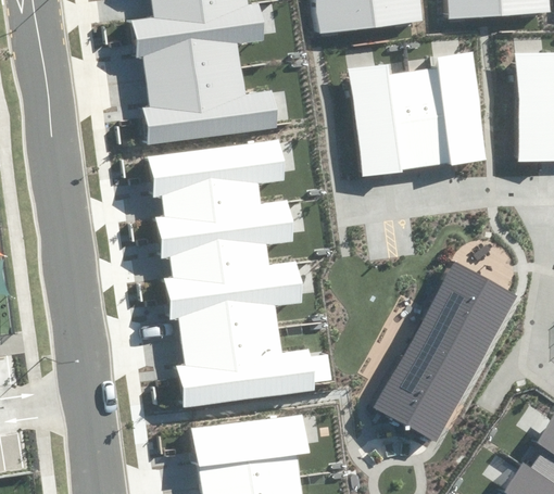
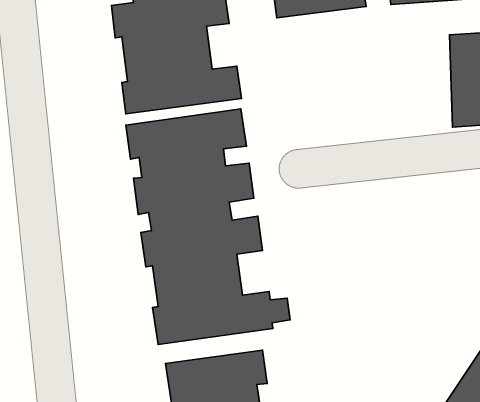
building: [349,52,487,175] -> none
building: [374,261,517,443] -> none

